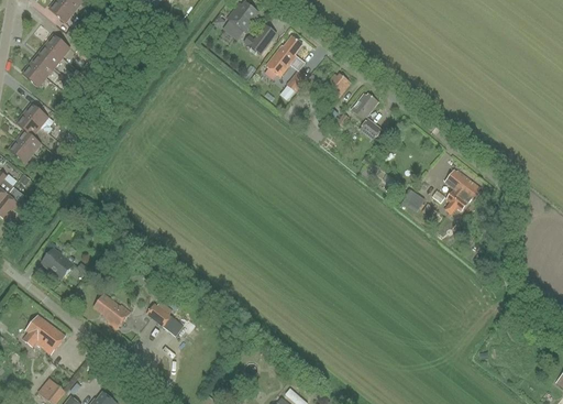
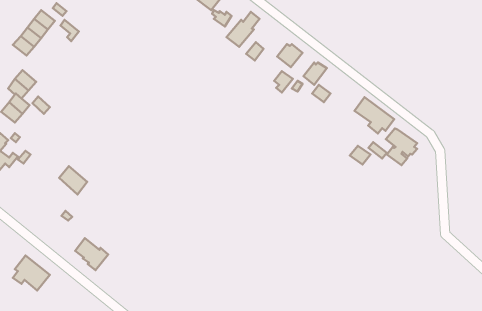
building: none -> [355,97,394,133]
building: [42,247,74,279] -> [59,166,87,194]
building: [146,299,179,332] -> none

